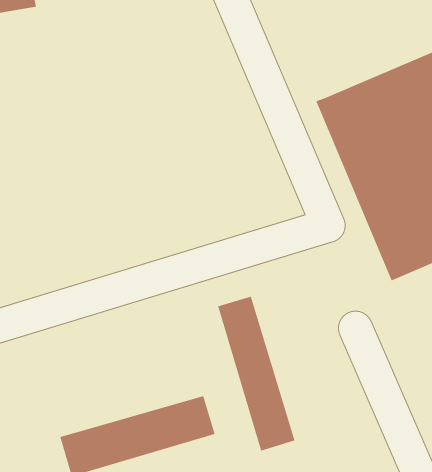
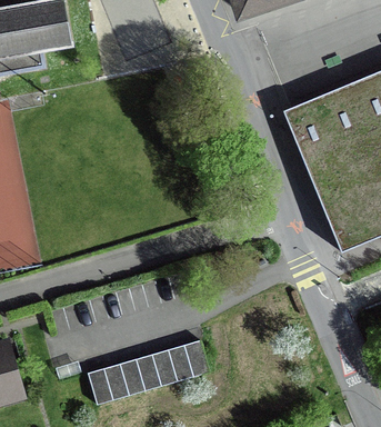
building: [218,296,295,451] -> none

